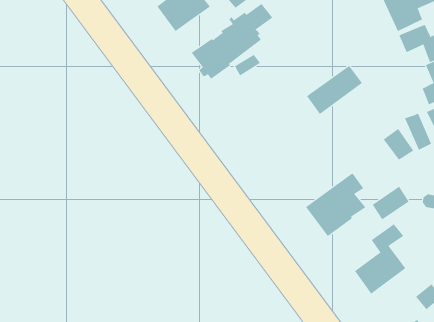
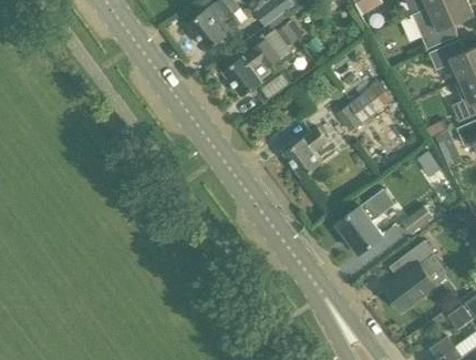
building: none -> [282,126,327,177]

